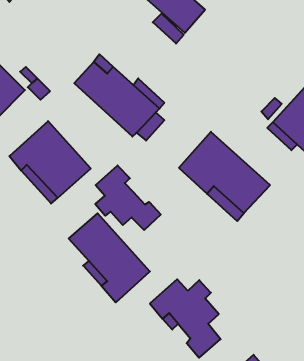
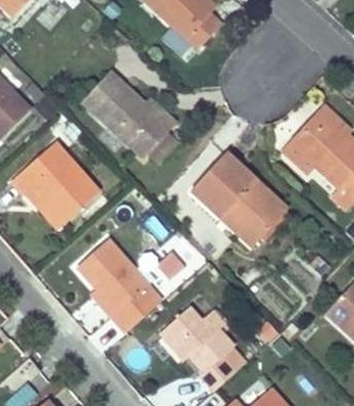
building: [95,165,161,230] -> none

